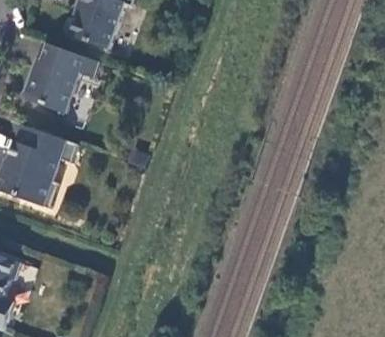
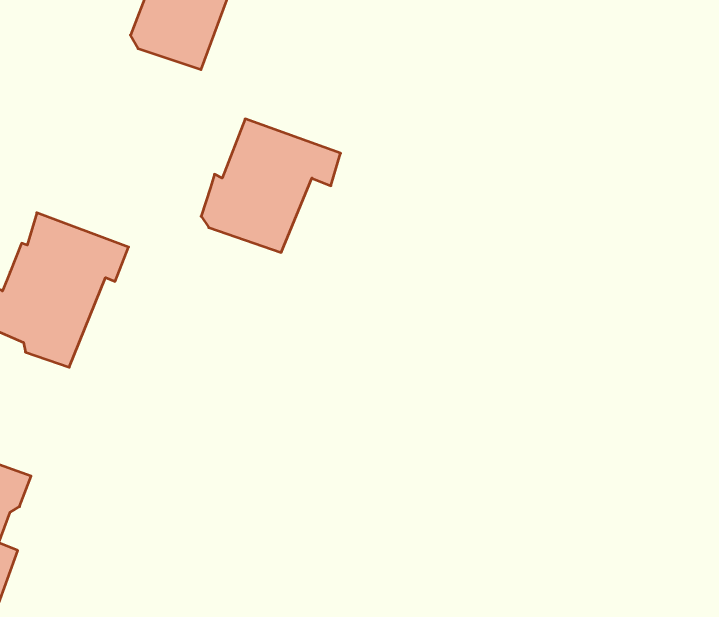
building: [23,43,96,113] -> [201,119,341,252]

